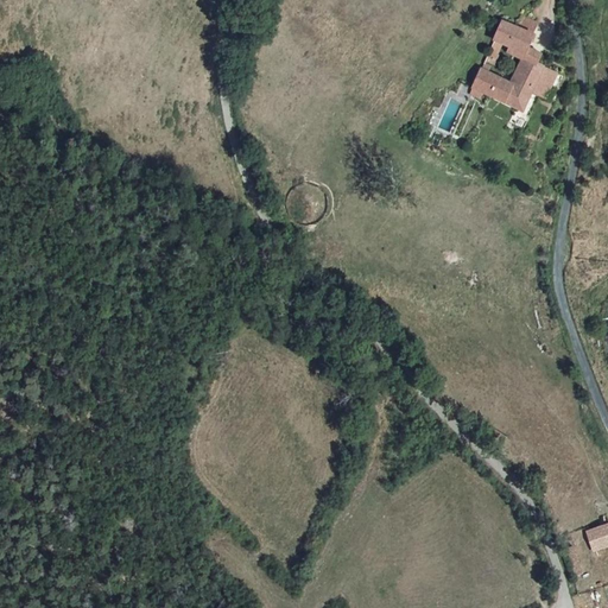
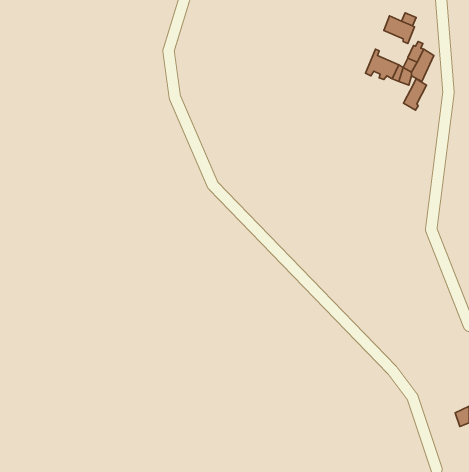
building: none -> [404,79,427,110]

